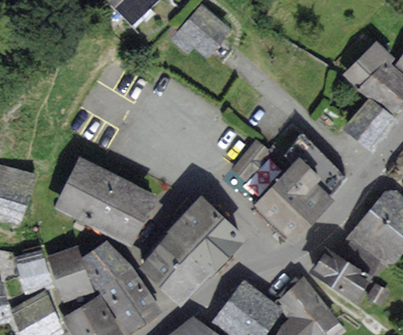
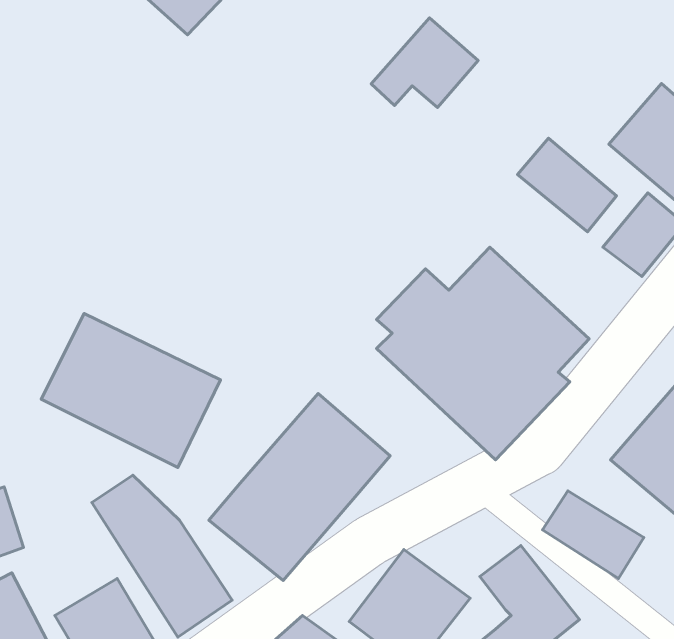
building: [173,6,228,52] -> [371,18,478,107]
building: none -> [518,138,616,232]
building: [51,248,90,297] -> none

